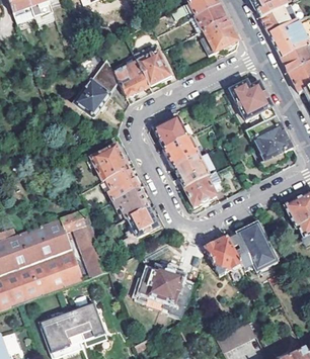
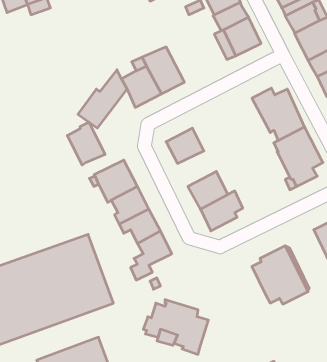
building: none -> [67,122,105,165]
building: [164,134,199,167] -> none
building: [206,236,242,274] -> none

